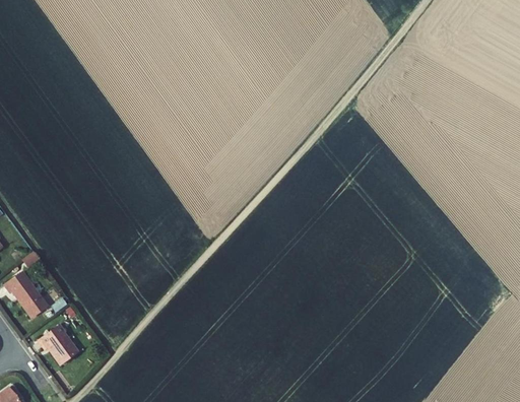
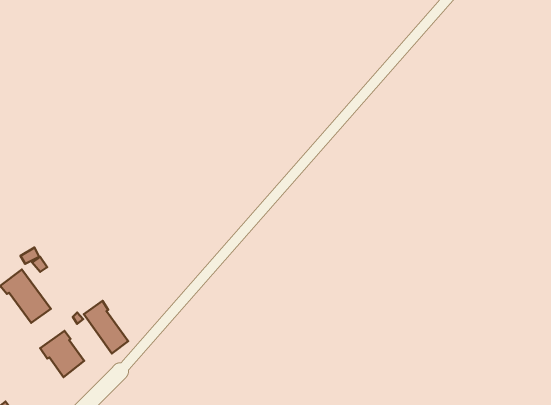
building: none -> [84,301,128,353]

